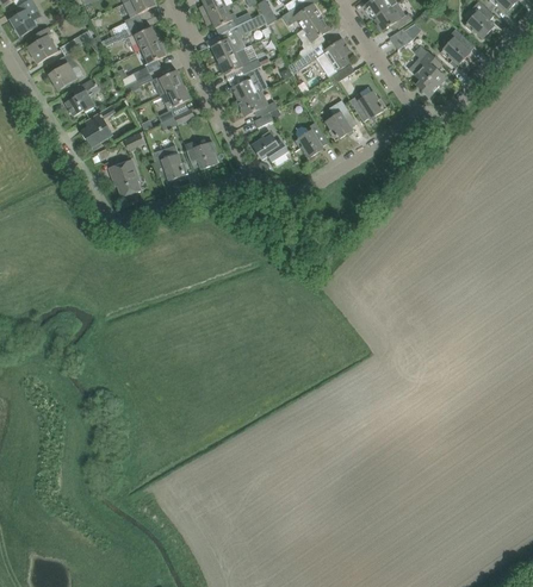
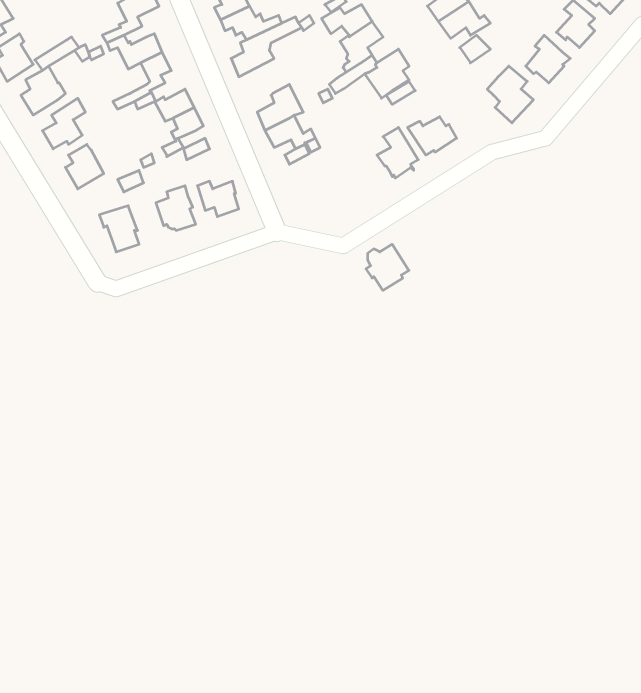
building: [217,44,260,75] -> none
building: [295,123,328,158] -> [366,244,409,290]
building: [252,131,287,162] -> none

